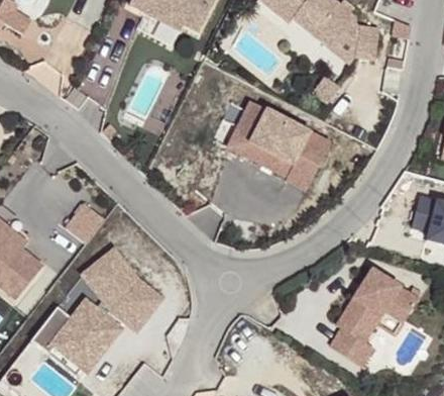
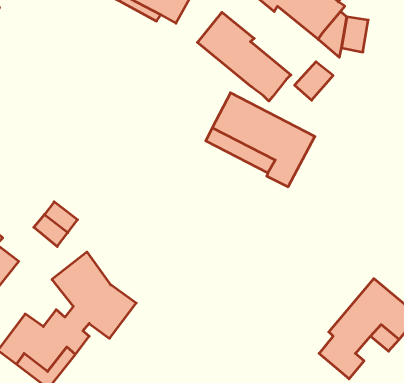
building: none -> [197,12,291,101]

